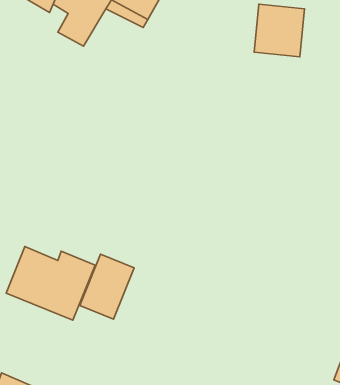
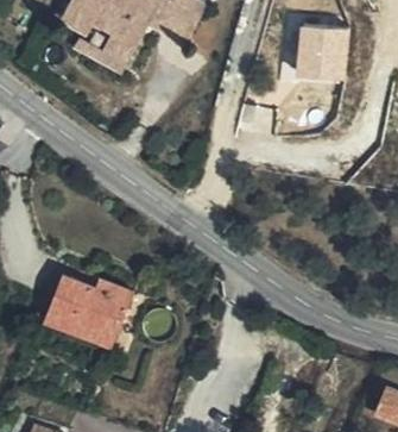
building: [80,254,134,319] -> none

